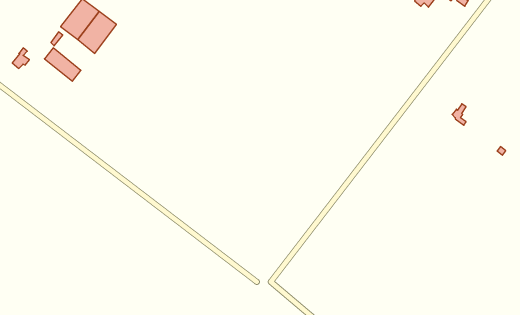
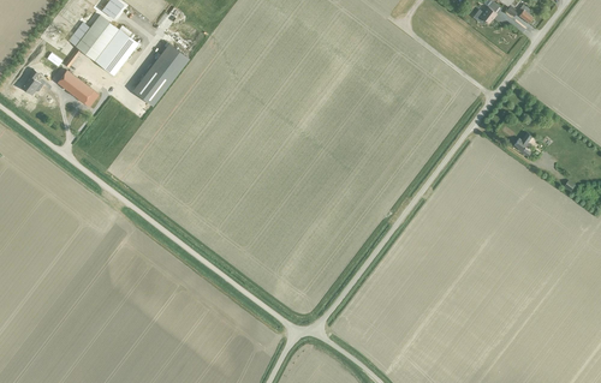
building: none -> [132,43,188,104]

